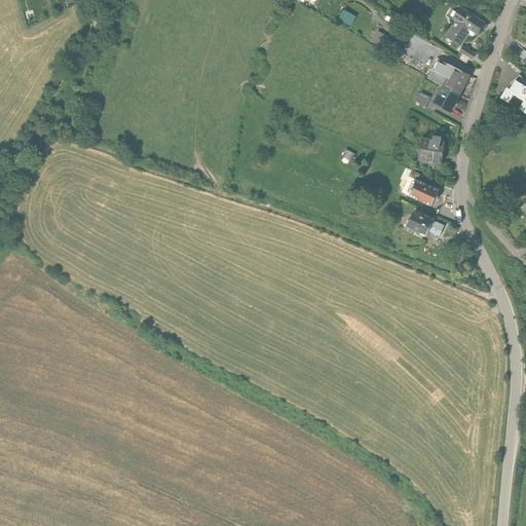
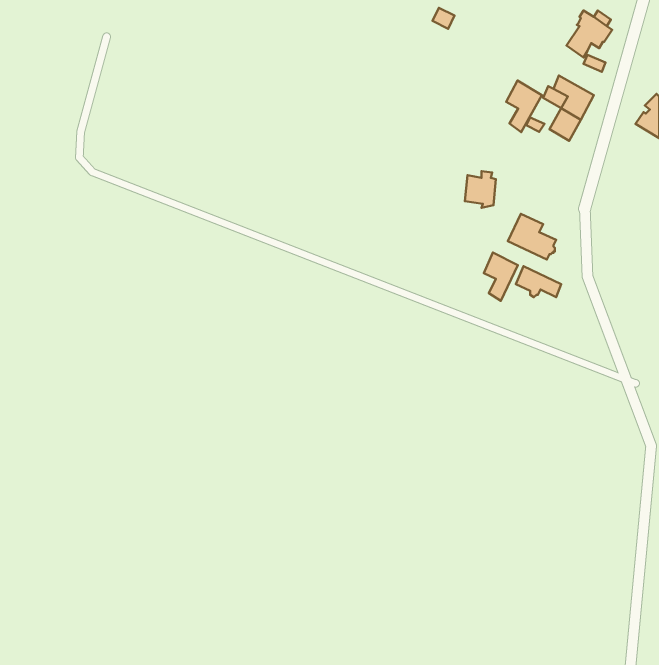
building: none -> [506,81,542,132]
building: [419,135,444,163] -> [465,171,496,208]
building: none -> [484,253,518,301]

